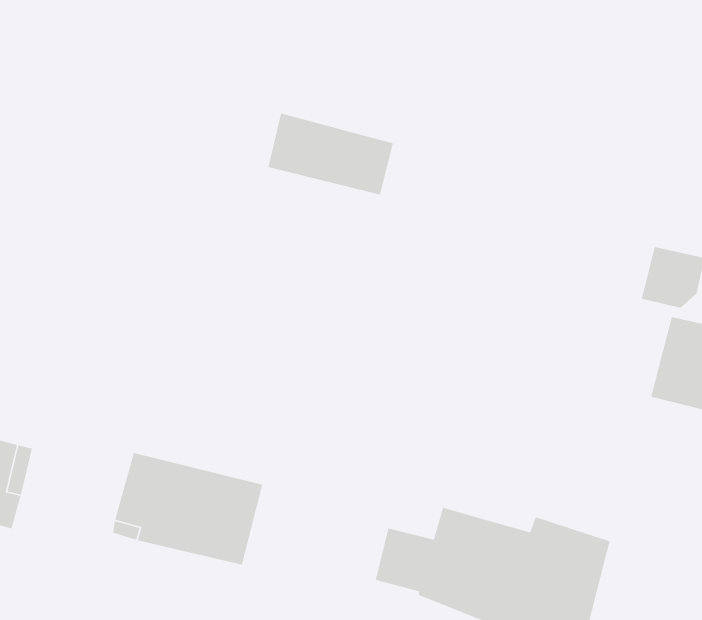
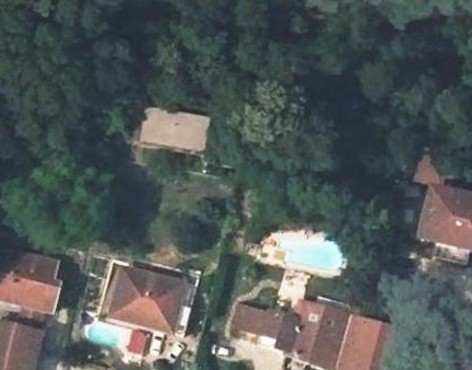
building: [267,113,394,196] -> [135,102,209,150]
building: none -> [228,304,268,343]

